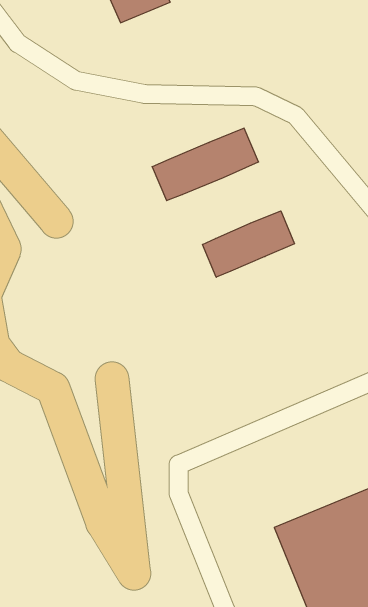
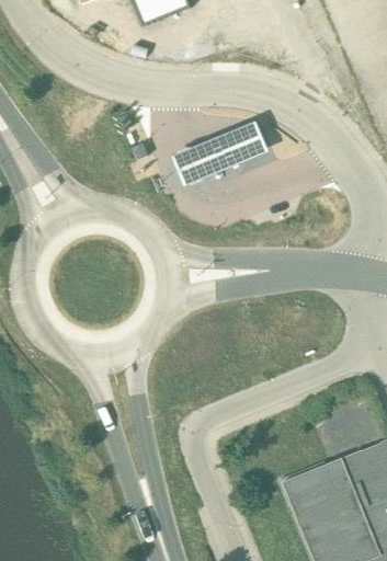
building: [203,211,295,277] -> none

